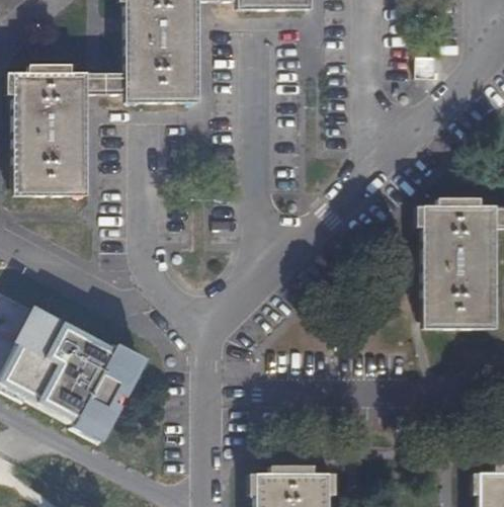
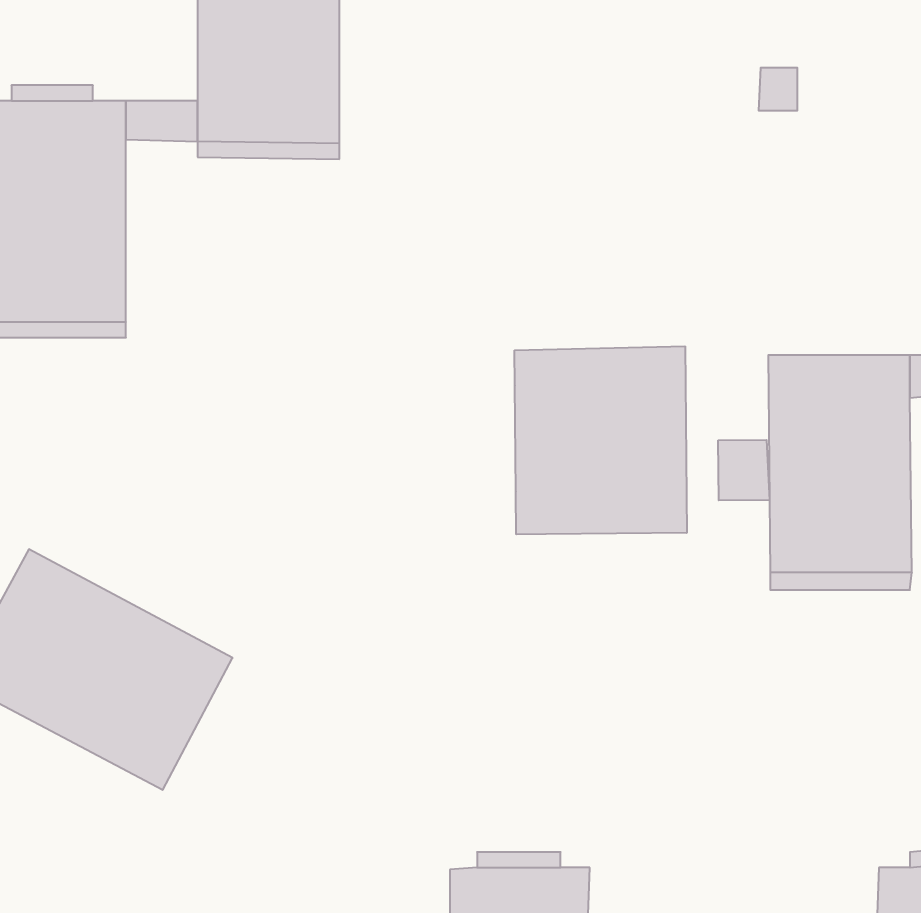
building: none -> [515,346,687,534]
building: none -> [718,440,770,500]

